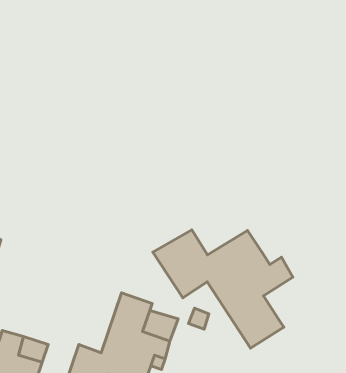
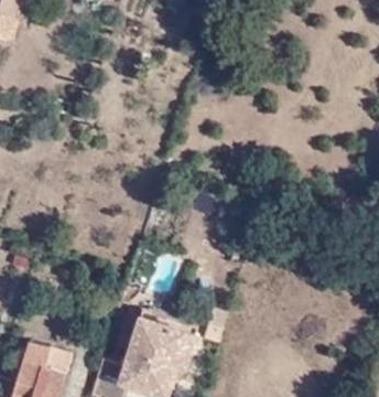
building: [153,230,293,348] -> none

